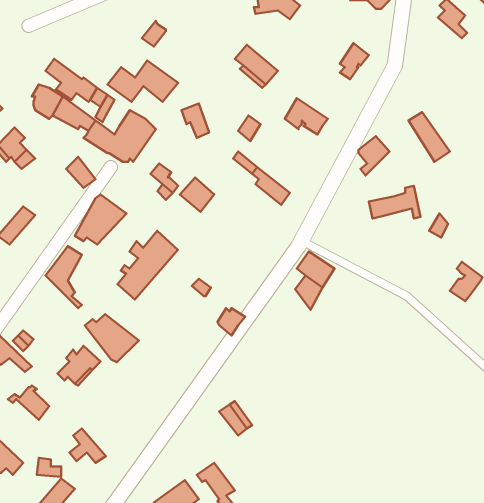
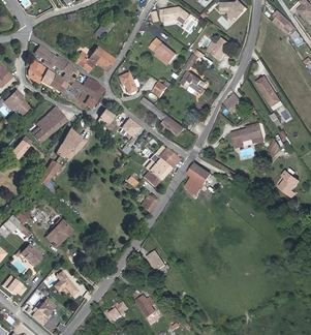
building: none -> [30,113,60,141]
building: [118,231,178,300] -> [143,147,179,188]
building: [85,314,139,362] -> none

